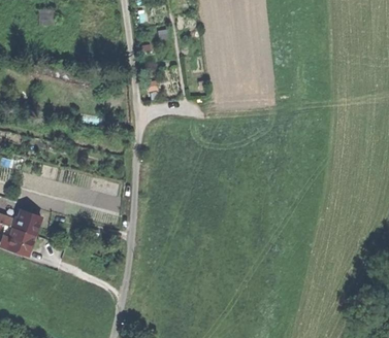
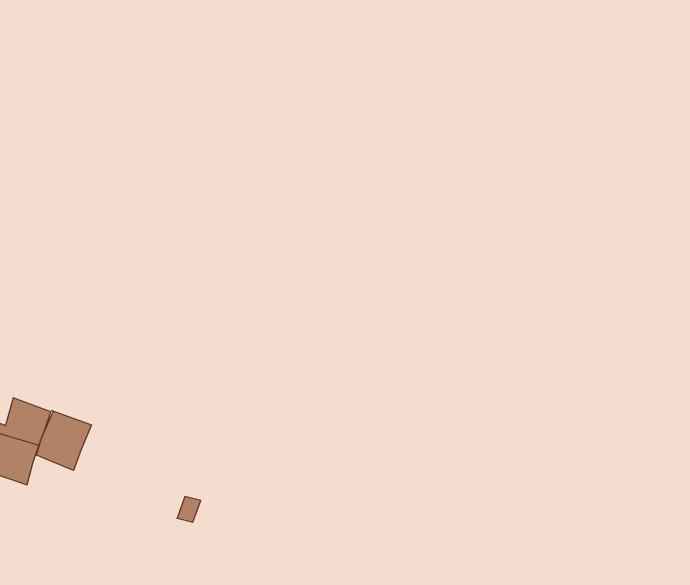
building: none -> [37,410,92,470]

